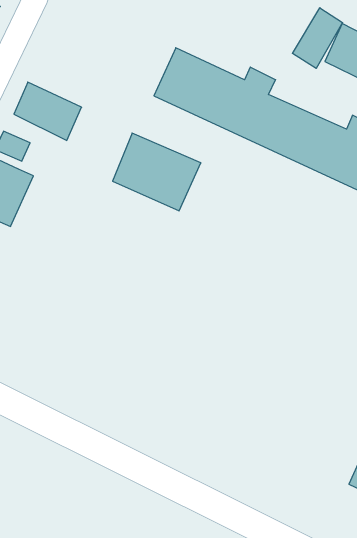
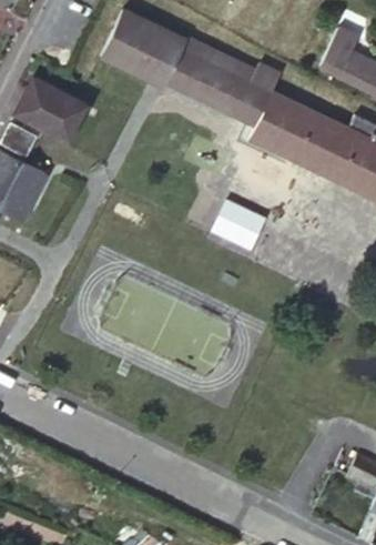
building: [292,8,343,68] -> none
building: [113,133,201,211] -> [92,19,177,94]

